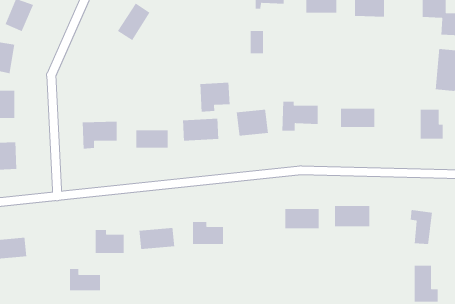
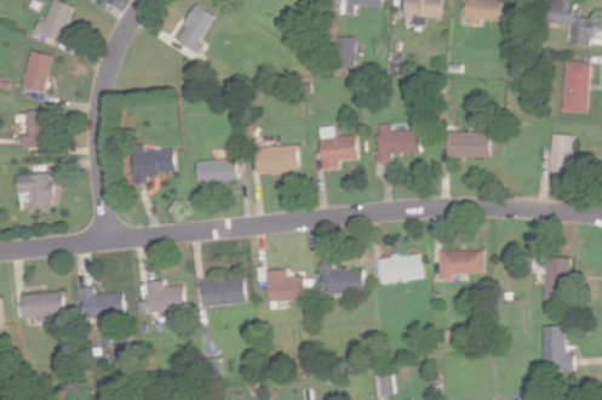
building: [199,82,231,112] -> none
building: none -> [319,264,363,295]
building: [69,268,101,291] -> [80,287,119,315]

